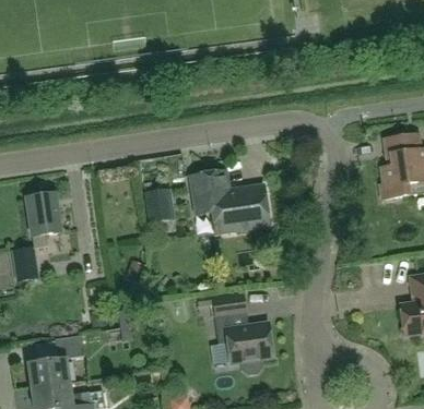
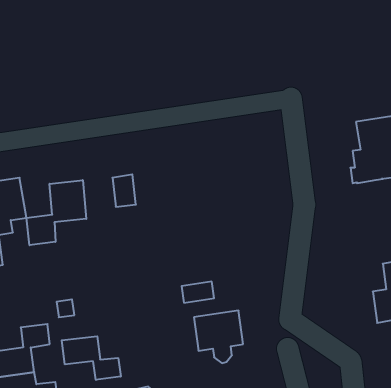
building: [189,169,269,232] -> none
building: none -> [26,180,86,245]
building: none -> [62,336,121,380]

